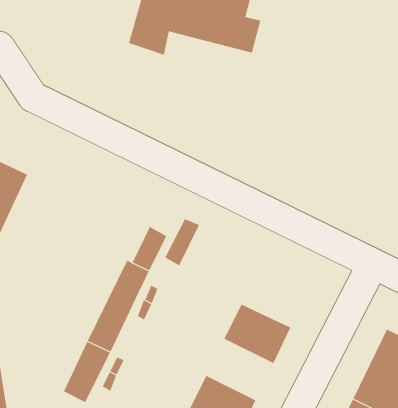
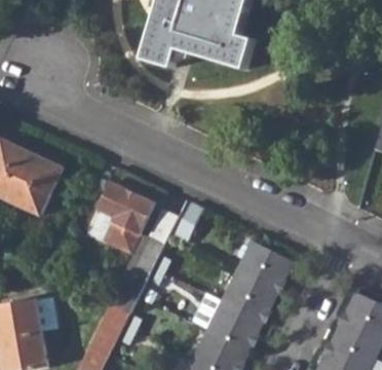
building: none -> [96,182,154,253]
building: none -> [235,240,291,292]
building: none -> [192,295,262,351]

